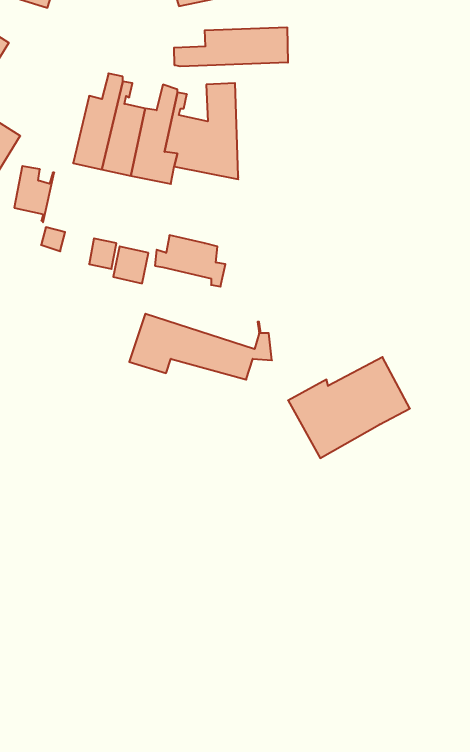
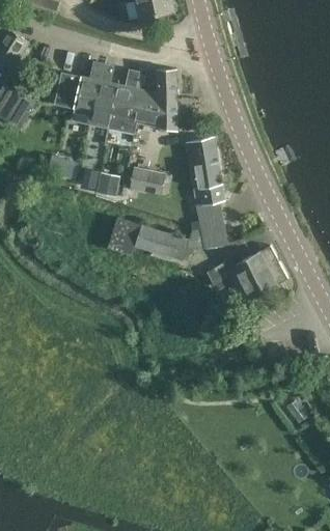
building: [174,27,288,66] -> none
building: [14,166,54,222] -> [55,73,81,109]
building: none -> [185,138,227,248]

